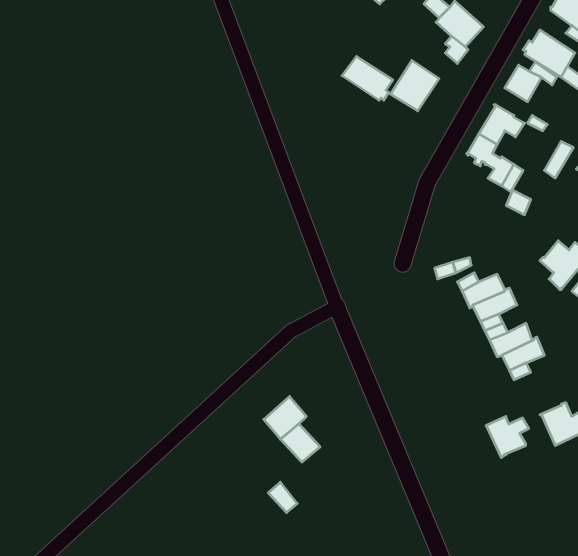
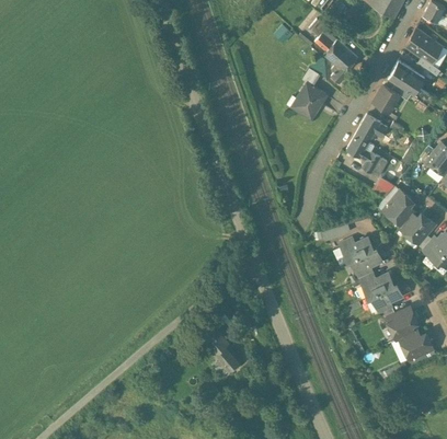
building: [342,56,393,100] -> none
building: none -> [383,189,414,224]
building: [486,416,529,458] -> [386,310,416,339]

